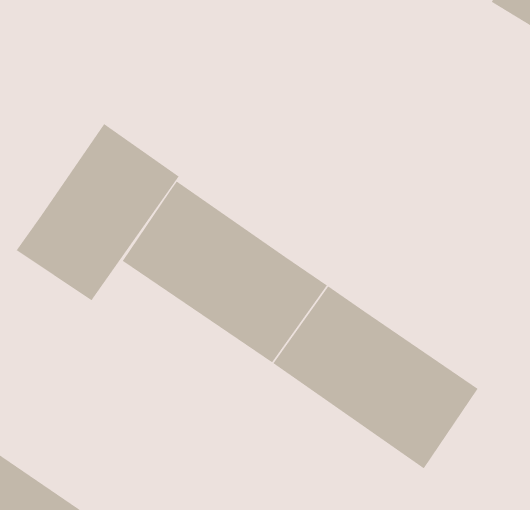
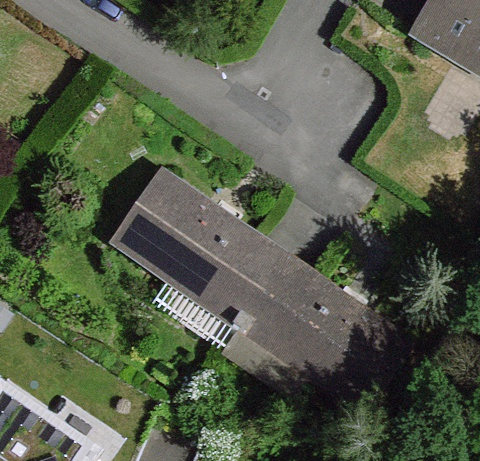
building: [16,123,179,301] -> none

